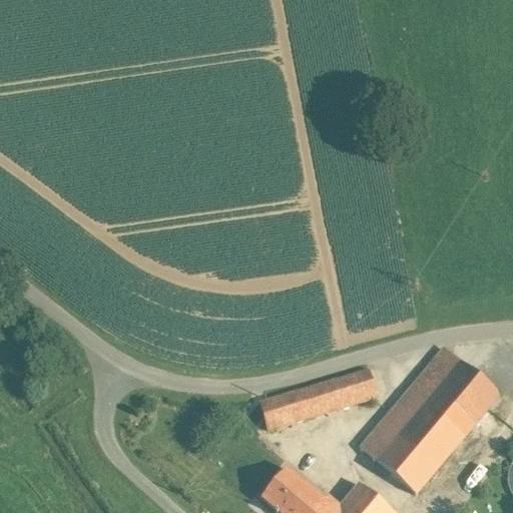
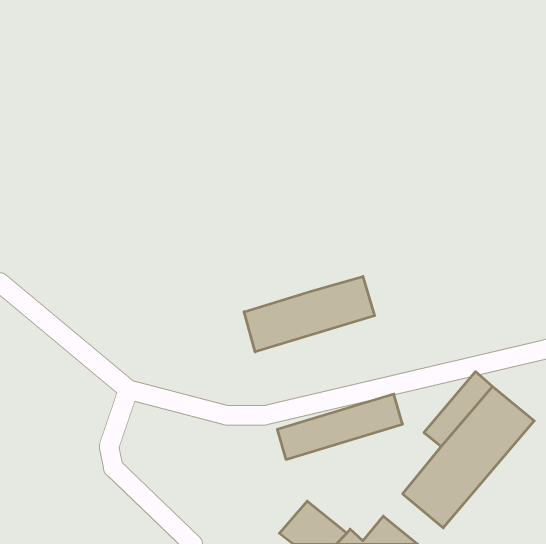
building: none -> [244,276,375,352]
building: [361,405,414,462] -> none

